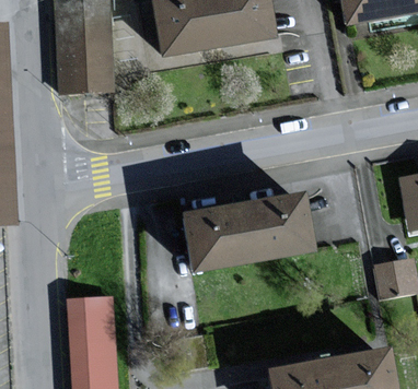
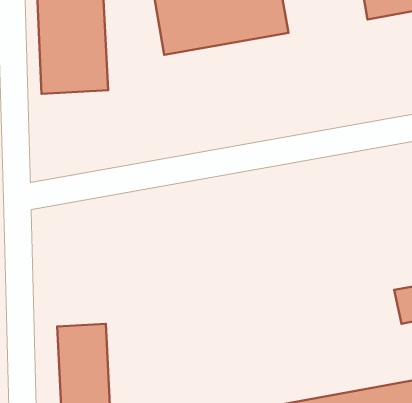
building: [183,196,310,270] -> none

